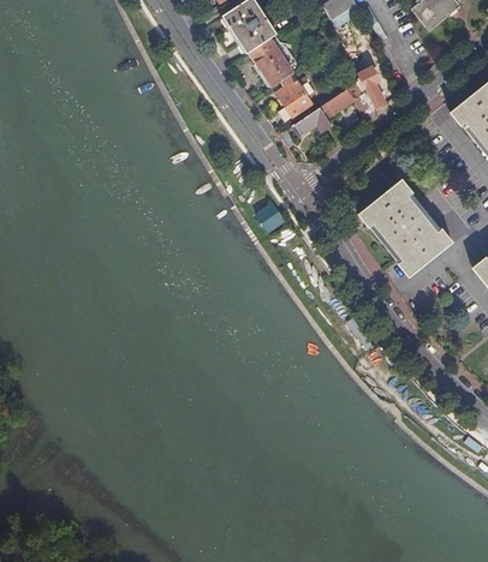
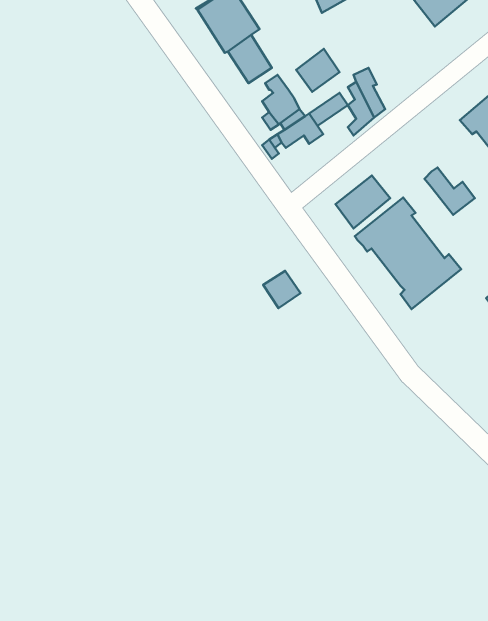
building: none -> [296,49,340,92]
building: none -> [424,167,475,215]
building: none -> [336,175,390,229]
building: [250,202,282,234] -> [263,271,300,308]

